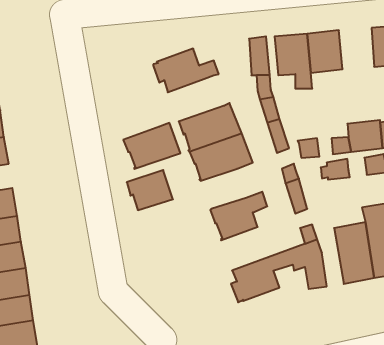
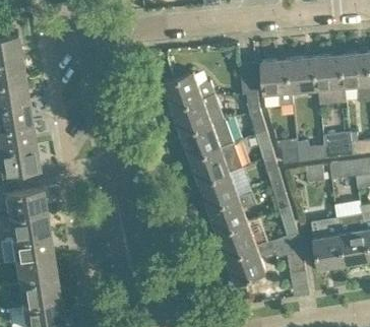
building: none -> [316,55,348,105]
building: [123,123,180,169] -> [173,94,221,133]
building: [127,170,173,210] -> [200,173,239,206]
building: none -> [218,221,257,258]

